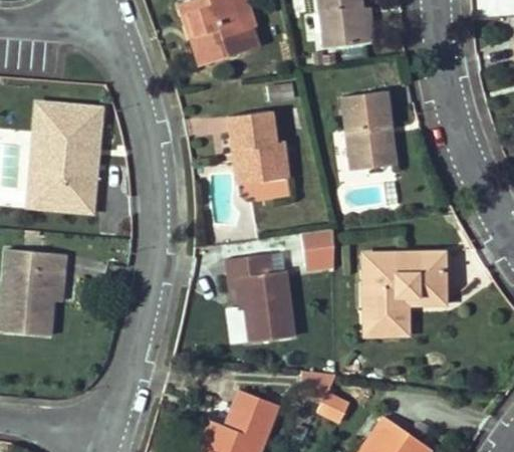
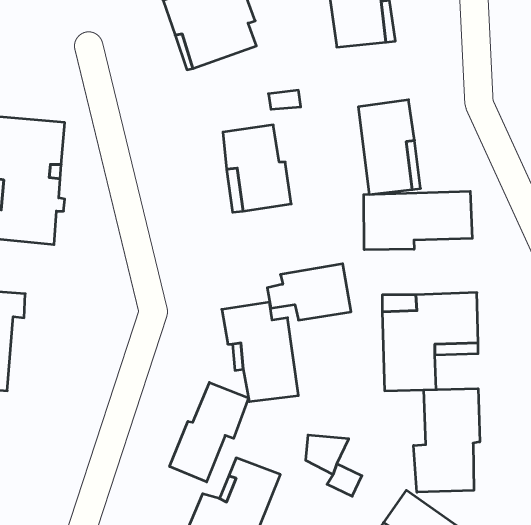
building: none -> [364,191,472,250]
building: none -> [170,382,248,482]
building: none -> [414,389,480,492]

